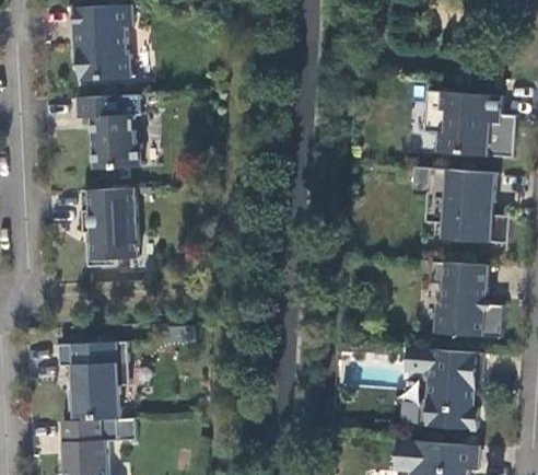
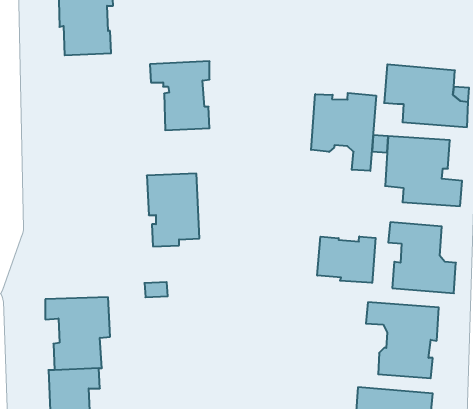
building: [77,95,141,170] -> [150,61,210,130]
building: none -> [311,93,376,171]
building: [81,188,138,267] -> [147,174,199,246]
building: none -> [317,236,376,283]

